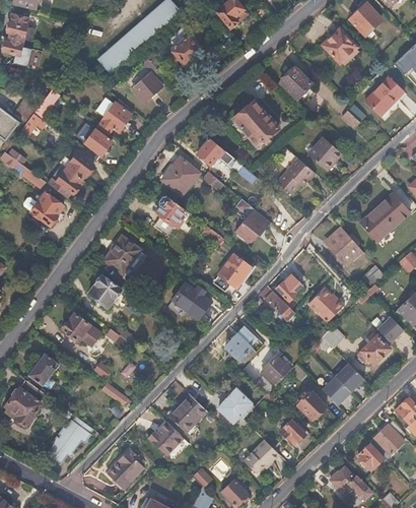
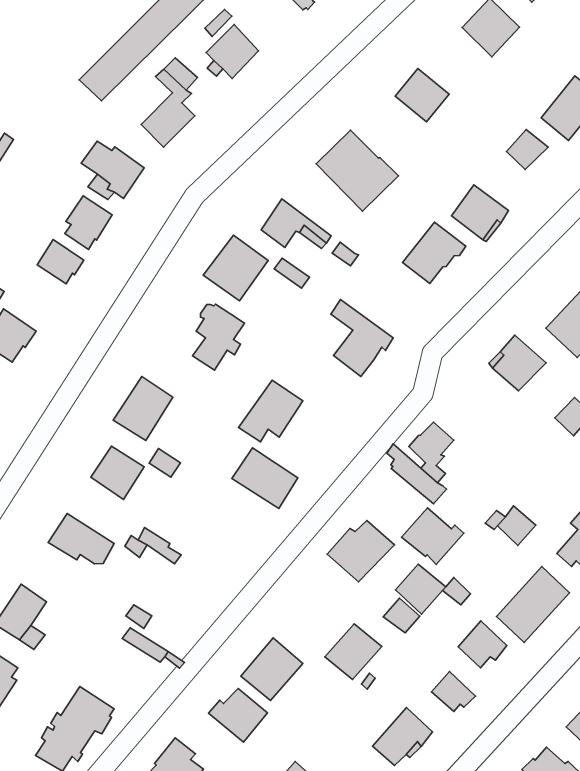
building: [48,164,82,197] -> none
building: [212,254,251,290] -> [239,380,303,442]
building: [310,289,347,322] -> [402,508,464,565]

